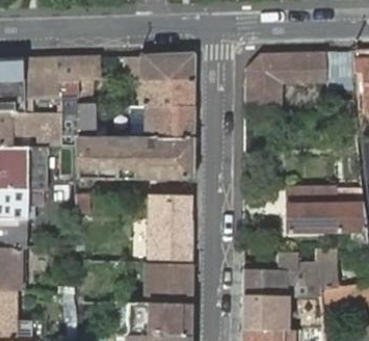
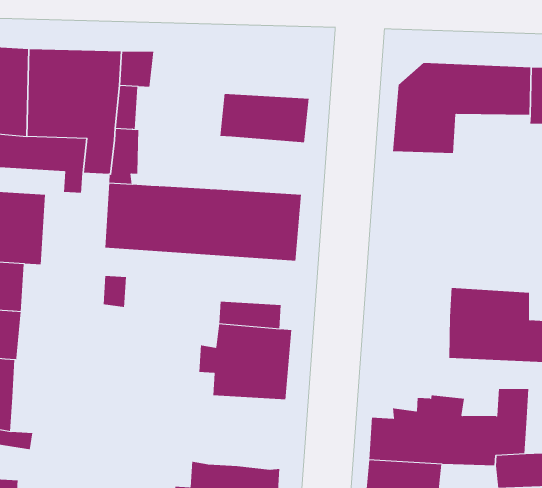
building: [127,53,194,79] -> none
building: [138,105,193,137] -> none
building: [147,262,191,305] -> none

